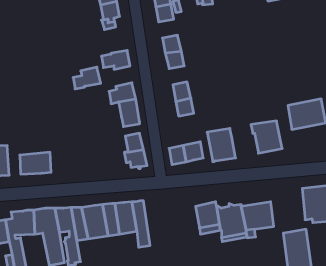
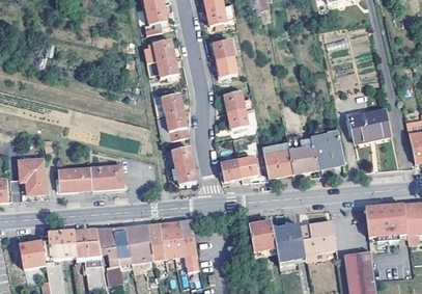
building: [73,67,101,89] -> [144,38,174,62]
building: none -> [288,137,318,177]
building: none -> [90,164,123,189]

